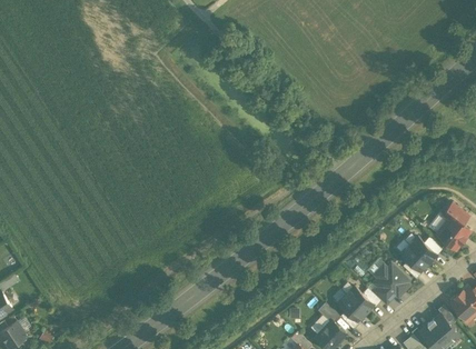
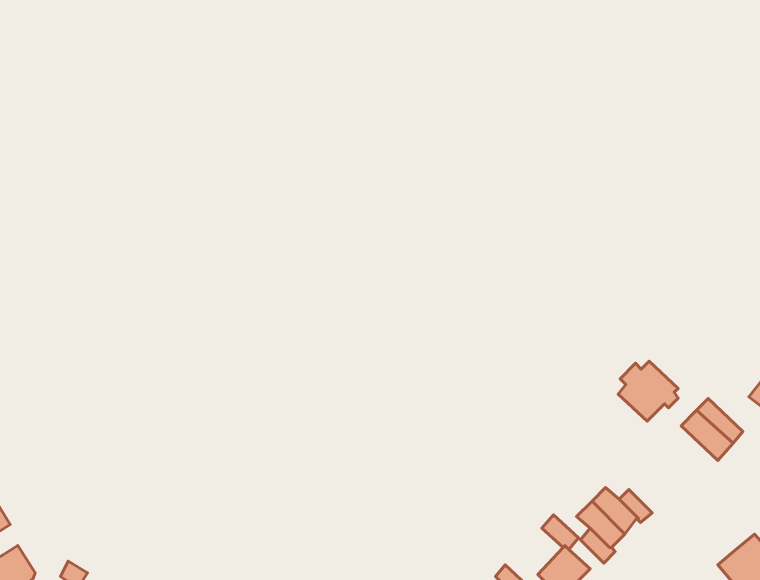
building: [374,265,408,299] -> [618,361,678,421]

